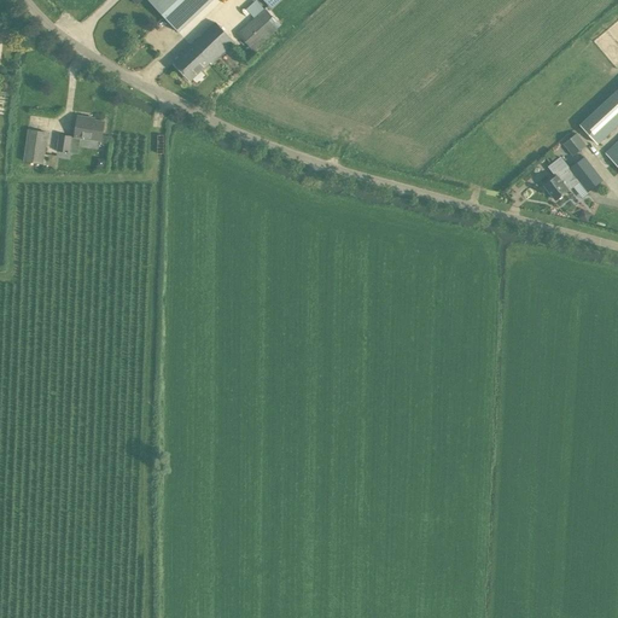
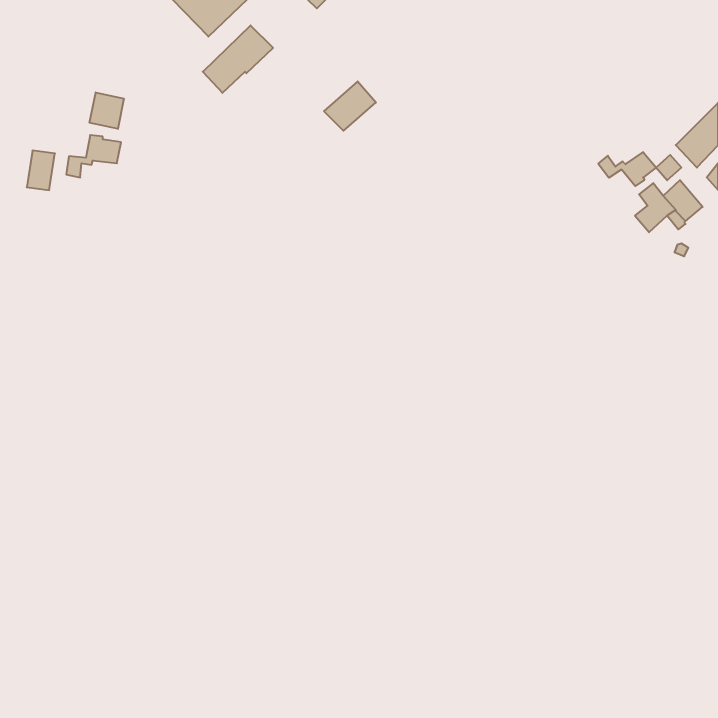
building: [235,7,280,49] -> [324,81,376,131]
building: none -> [90,92,124,129]
building: none -> [598,152,656,186]

